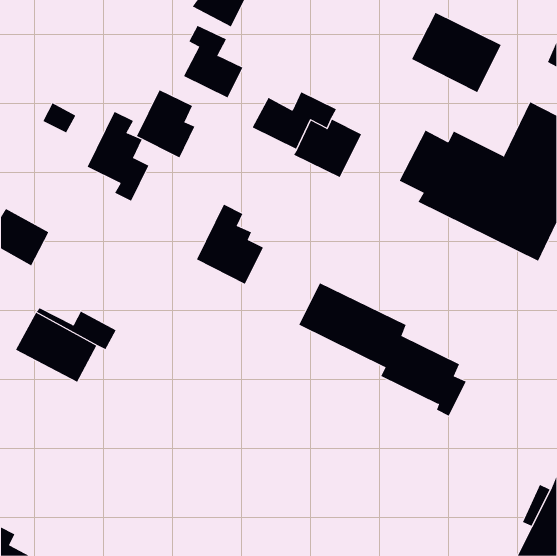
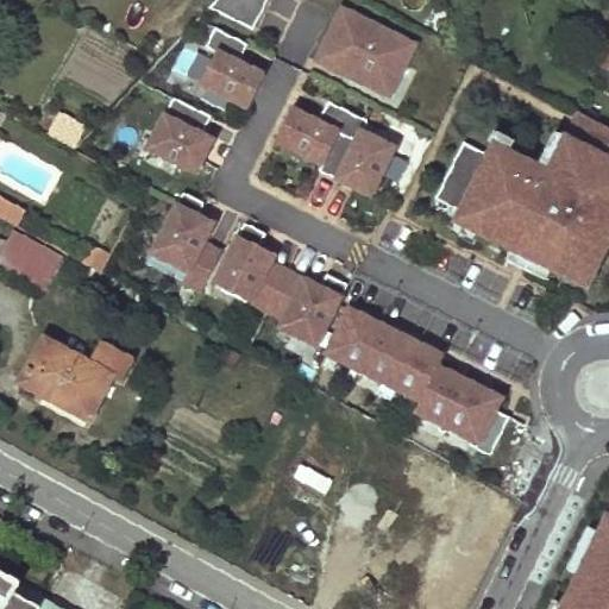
building: [411,12,502,93] -> [316,6,415,94]
building: [87,111,149,202] -> [152,192,220,290]
building: none -> [268,270,347,345]

